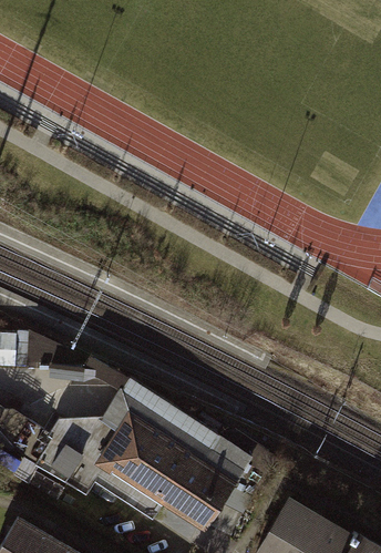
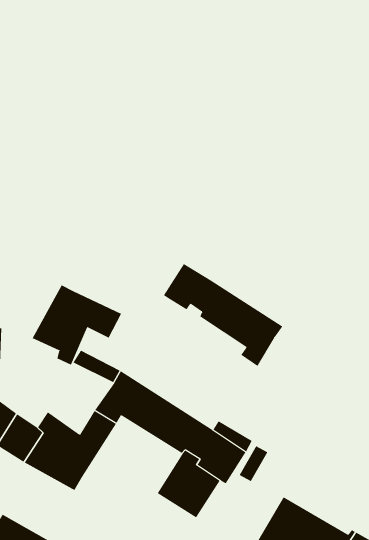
building: none -> [163,263,283,367]
building: none -> [32,284,122,366]
building: [93,423,189,520] -> none

